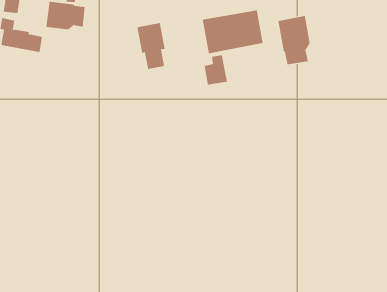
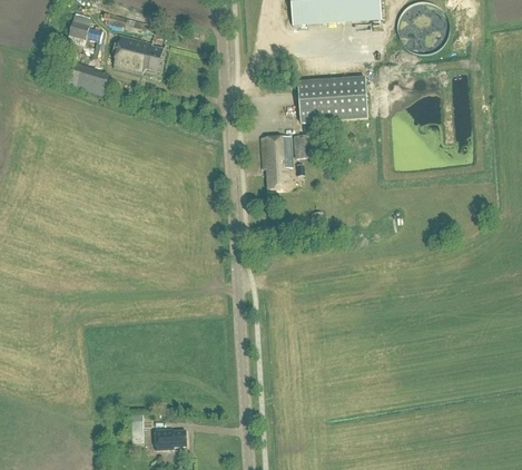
building: [278,15,310,65] -> none
building: [136,22,166,69] -> [260,135,292,188]

